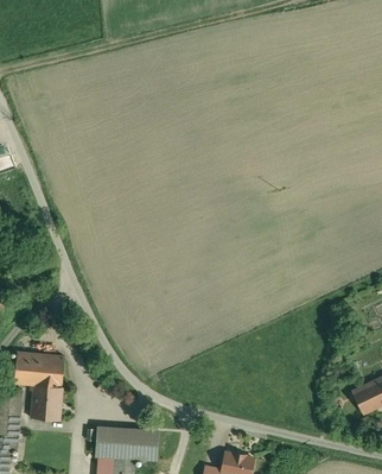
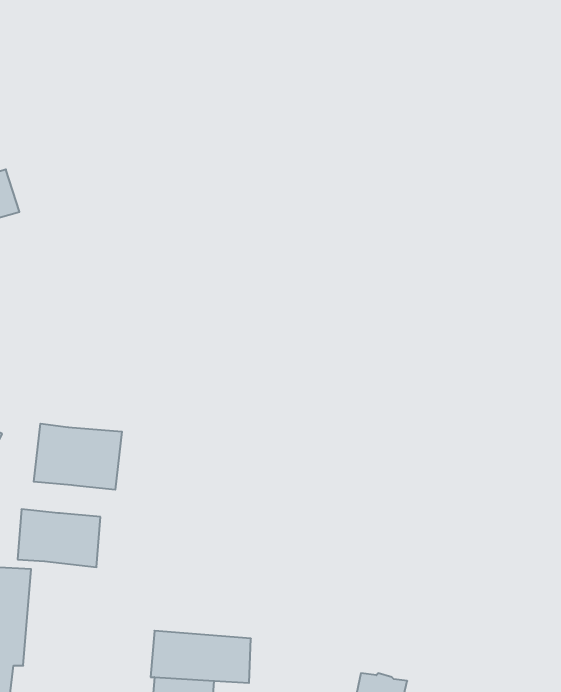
building: none -> [34,424,122,490]
building: [30,384,62,419] -> none

